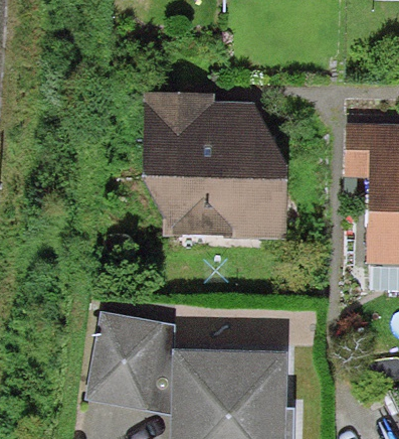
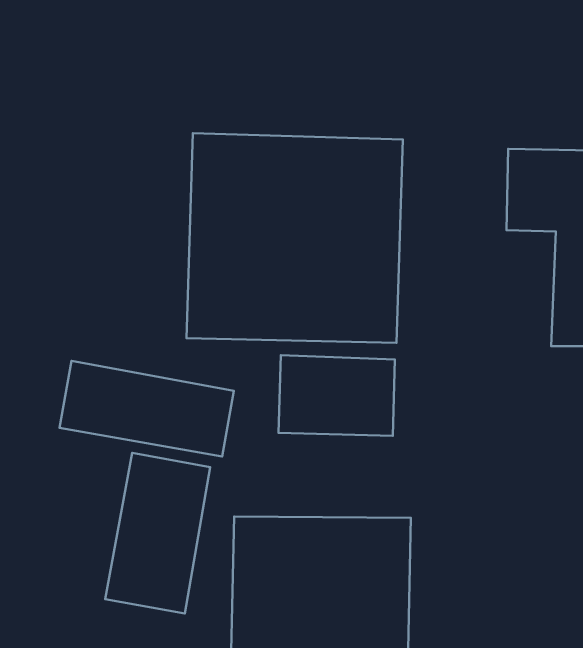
building: none -> [279,355,395,436]
building: none -> [59,361,234,457]

